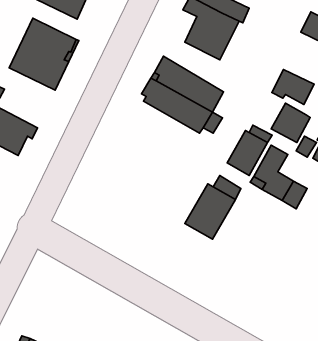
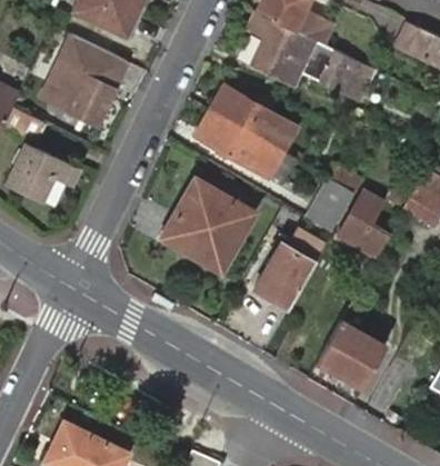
building: [272,69,314,104] -> [320,48,371,90]
building: [271,103,310,143] -> none
building: none -> [170,178,258,266]
building: none -> [313,321,383,389]

